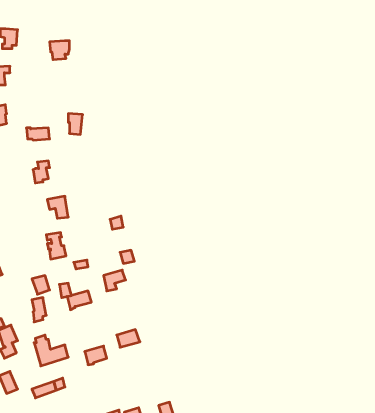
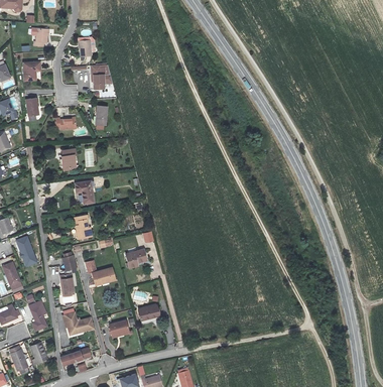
building: none -> [89,64,112,89]

